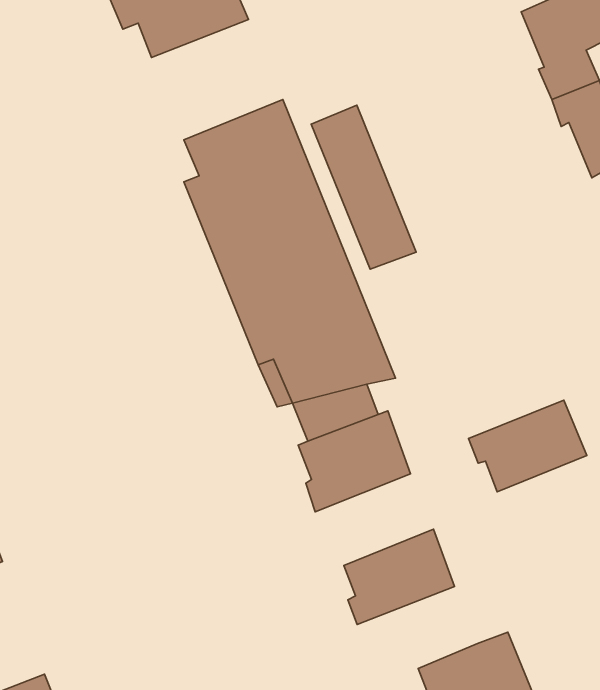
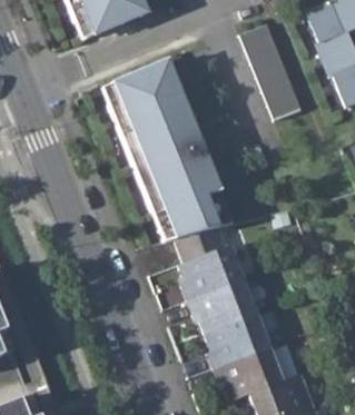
building: [311,105,416,269] -> [240,22,302,118]
building: [468,400,587,492] -> [187,277,256,330]
building: none -> [211,343,282,397]

